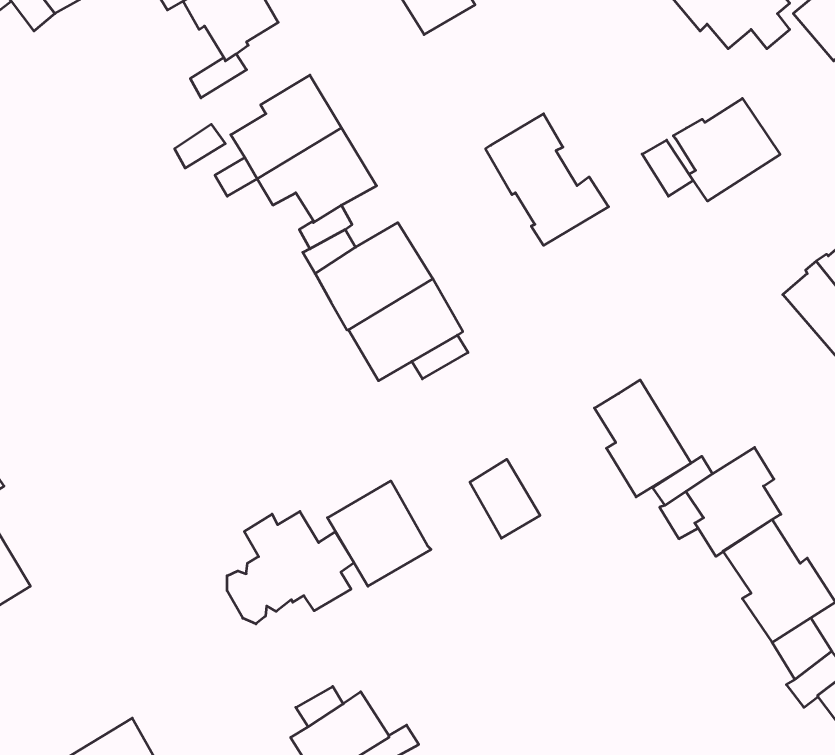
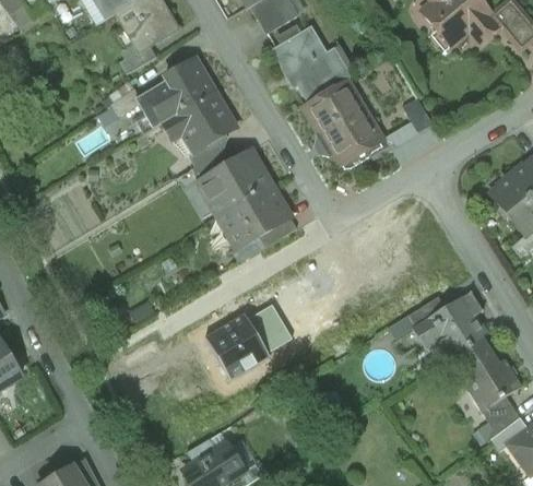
building: none -> [271,25,343,102]
building: [673,98,780,201] -> none
building: [594,380,691,497] -> none
building: [470,459,540,538] -> [248,301,292,351]
building: [227,511,354,624] -> none

